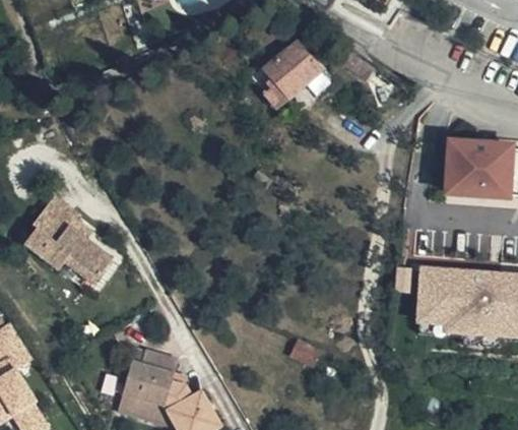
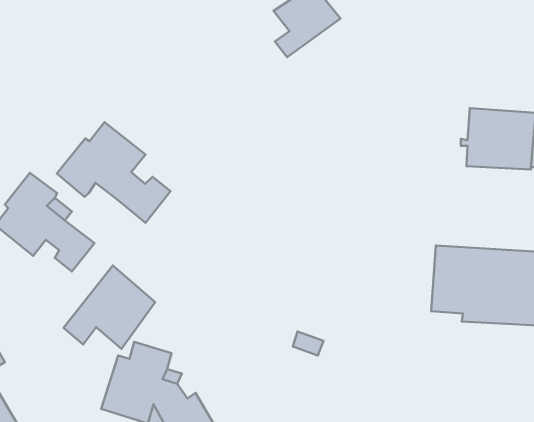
building: none -> [57,122,171,223]
building: none -> [63,265,155,349]

